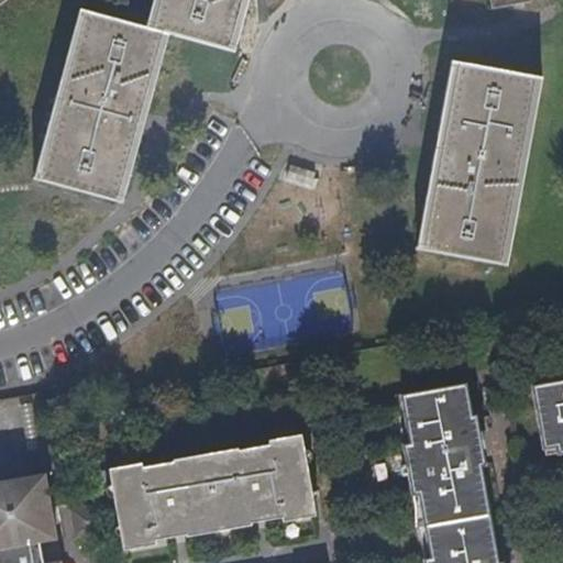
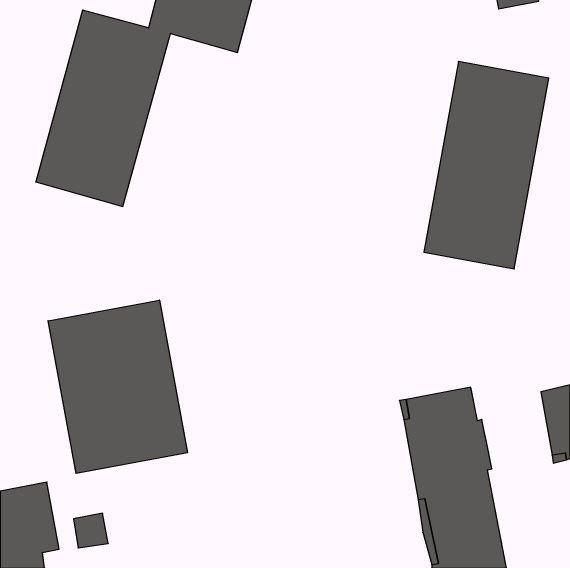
building: none -> [48,300,187,473]
building: [110,434,318,551] -> none

